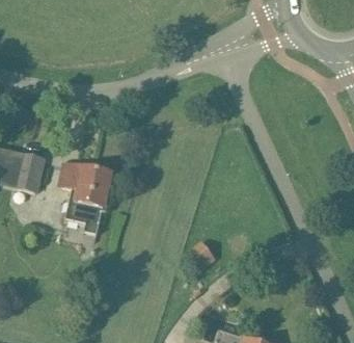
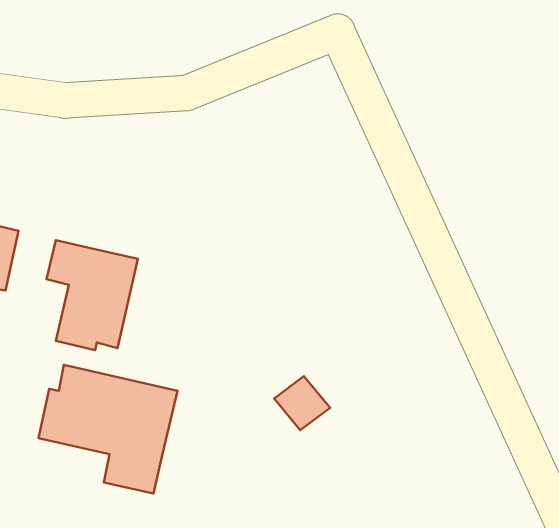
building: none -> [38,365,177,494]

